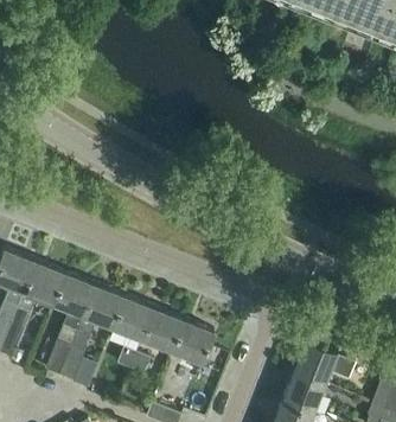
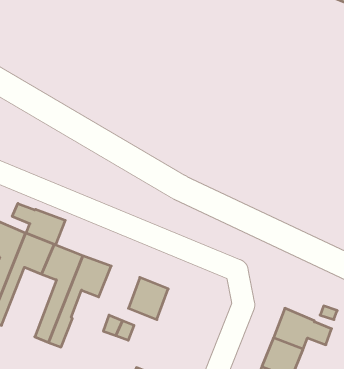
building: none -> [12,203,65,245]
building: [113,298,155,341] -> none
building: [173,321,213,364] -> none

